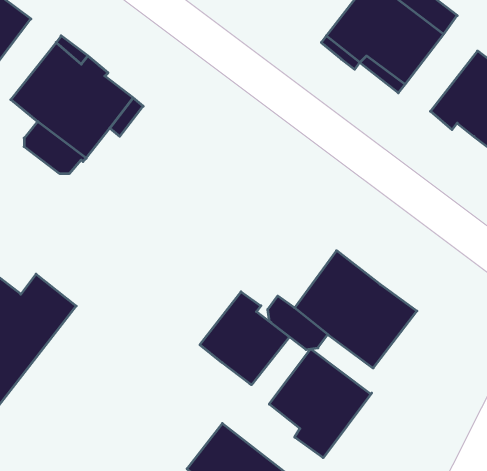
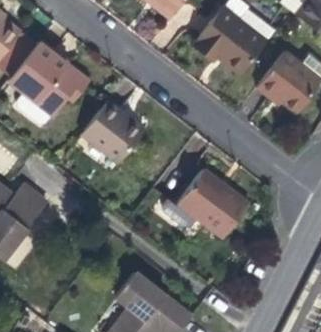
building: none -> [80,100,143,162]
building: [200,292,289,385] -> none
building: [269,349,372,458] -> none

